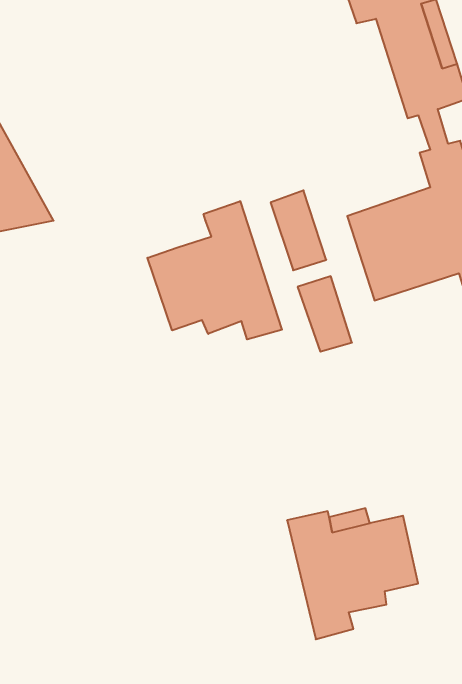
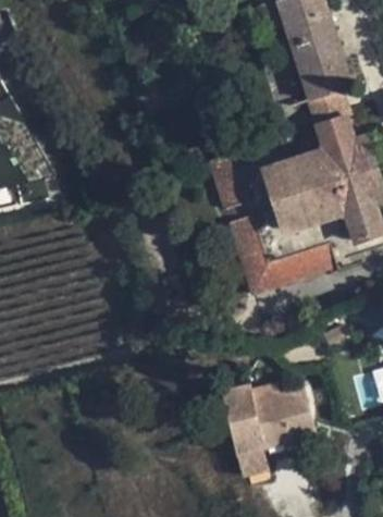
building: [147,201,282,339] -> none
building: none -> [244,242,337,295]

